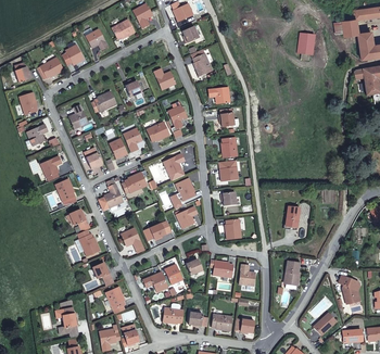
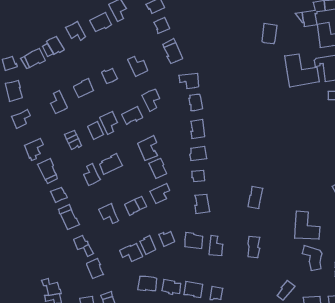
building: none -> [285,54,319,87]
building: none -> [295,211,320,239]

